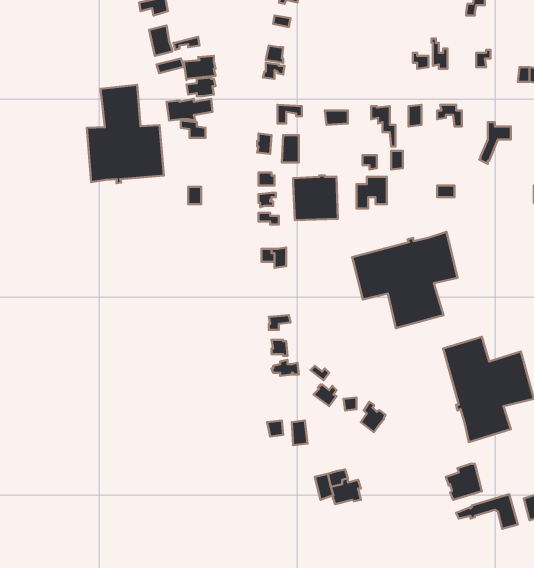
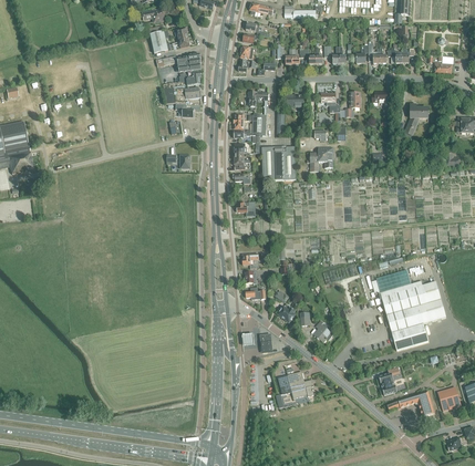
building: [87,85,164,183] -> none
building: [352,232,457,328] -> none

